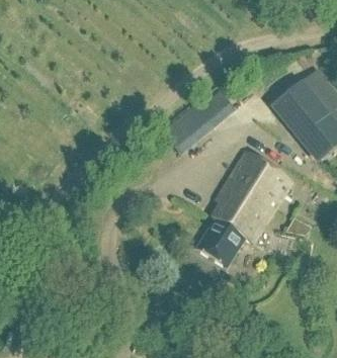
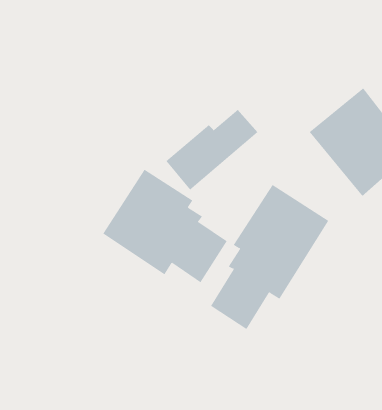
building: none -> [103,169,228,283]

